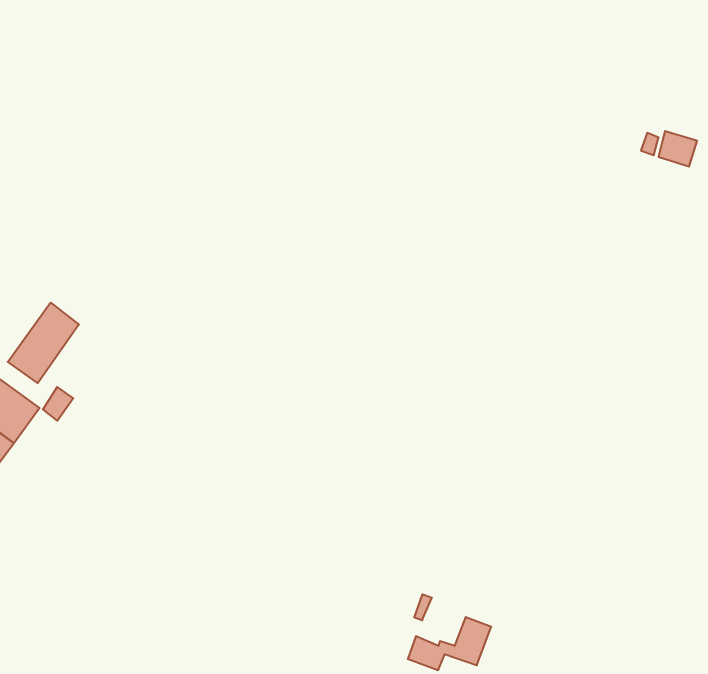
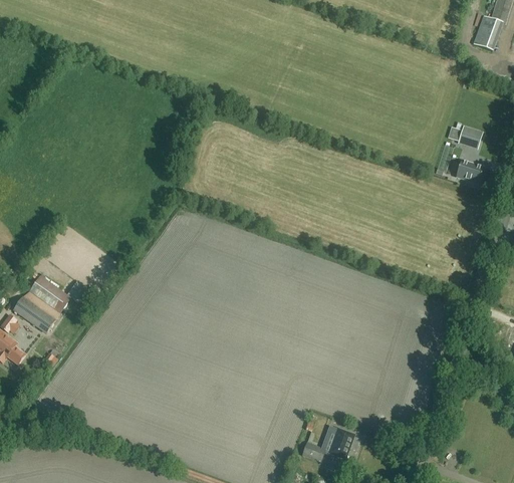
building: none -> [456,161,484,185]
building: [8,303,79,383] -> none

